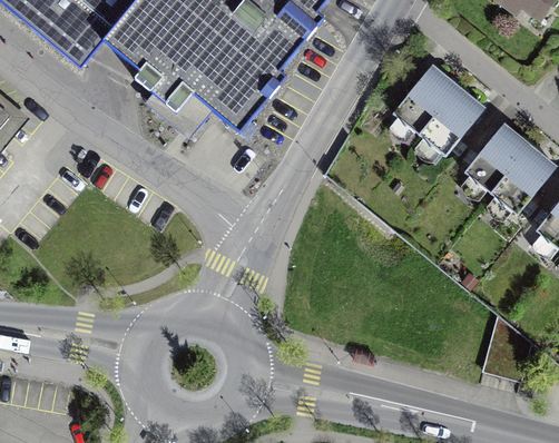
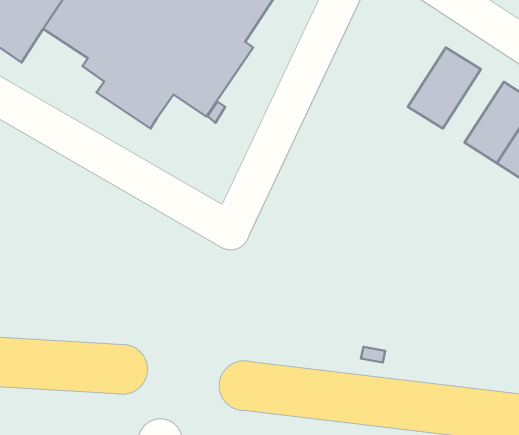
building: [390,65,455,135] -> none

